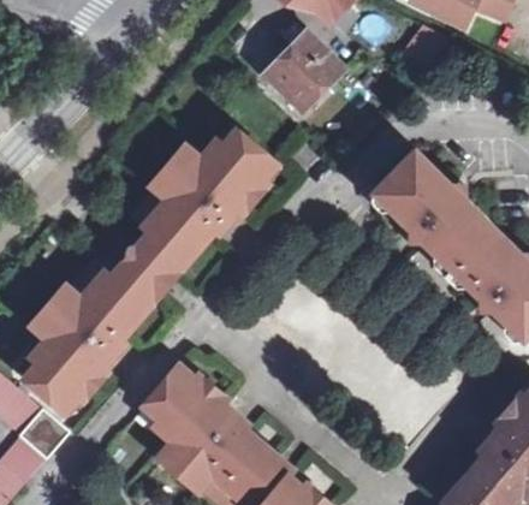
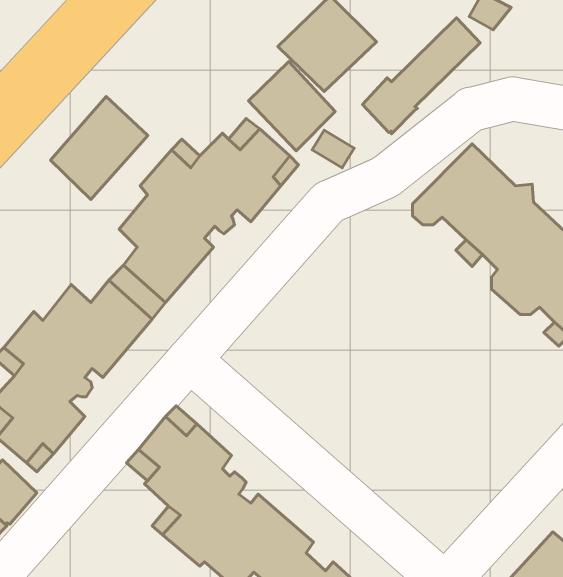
building: none -> [362,18,480,134]
building: none -> [249,62,335,151]
building: none -> [51,97,148,199]

